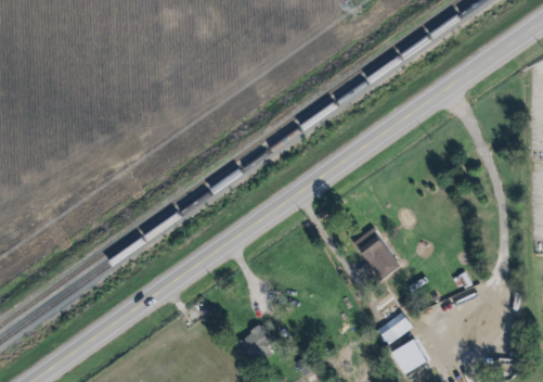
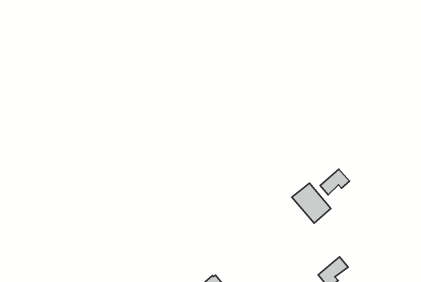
building: none -> [320,169,349,195]

